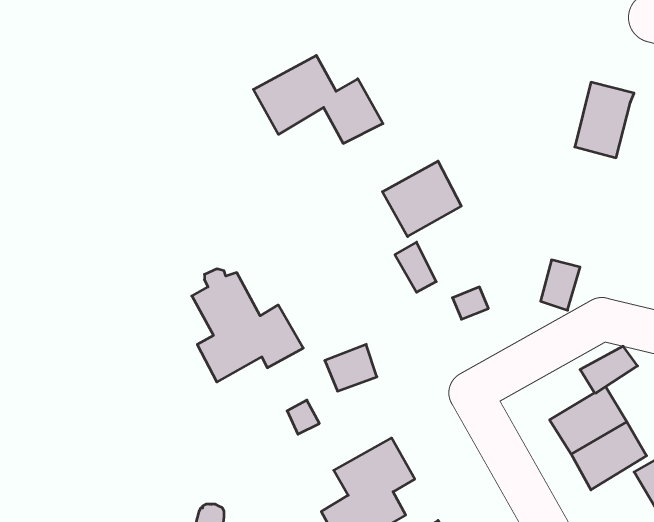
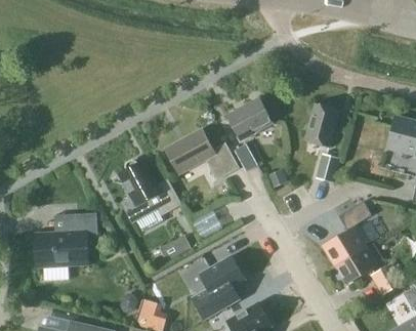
building: [253,55,383,143] -> [165,129,239,179]
building: [575,82,634,158] -> [305,104,339,147]
building: none -> [37,213,97,266]

